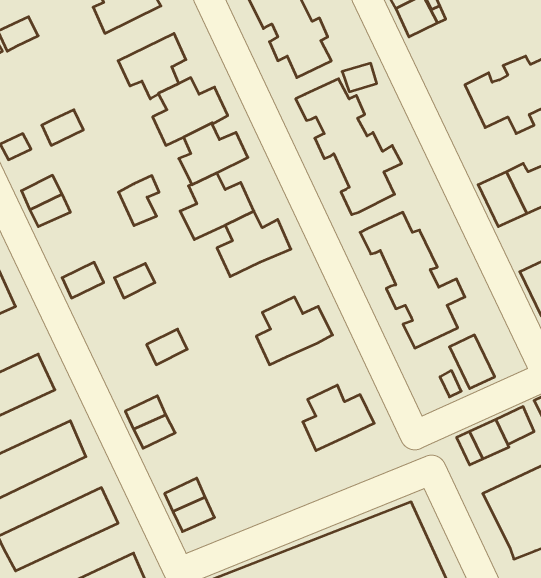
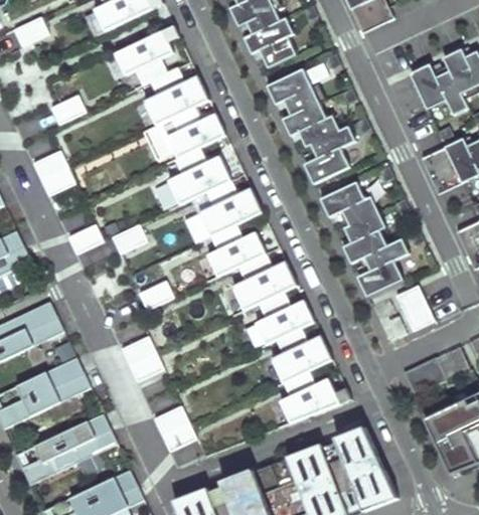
building: [118,176,159,226] -> [143,118,177,160]
building: none -> [207,223,265,276]
building: none -> [256,292,314,344]
building: none -> [280,370,339,422]

